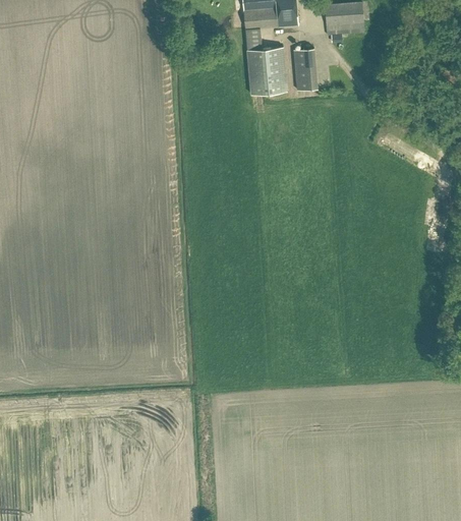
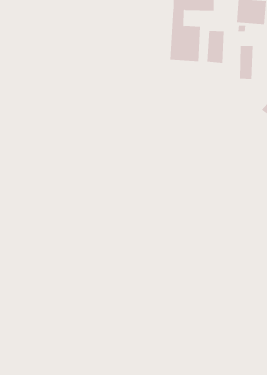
building: none -> [239,45,253,80]

